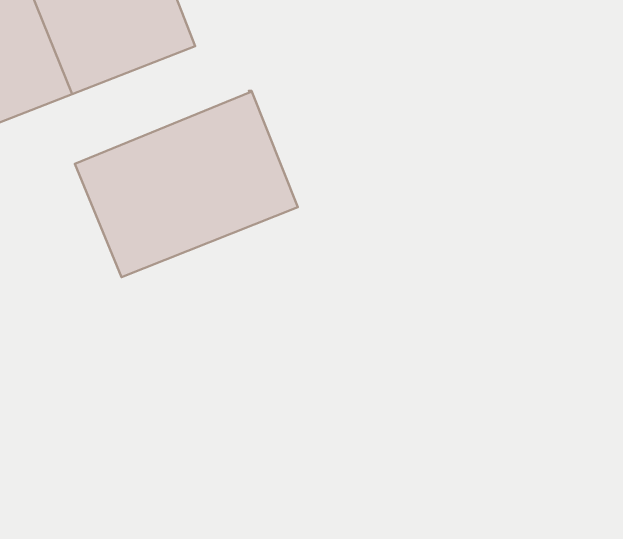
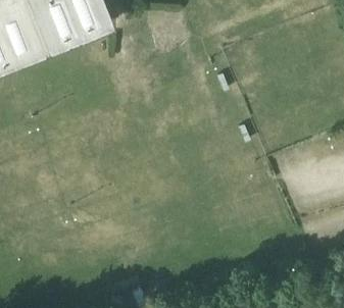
building: [75,91,298,277] -> none

